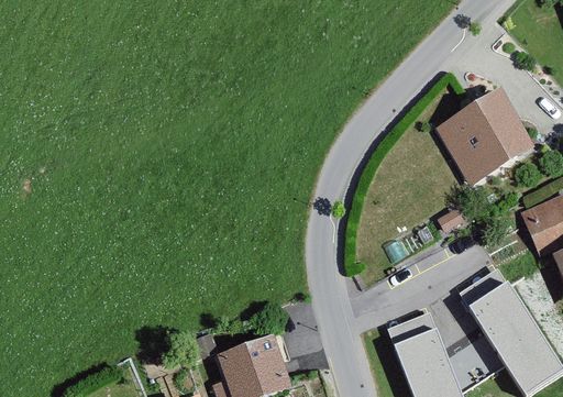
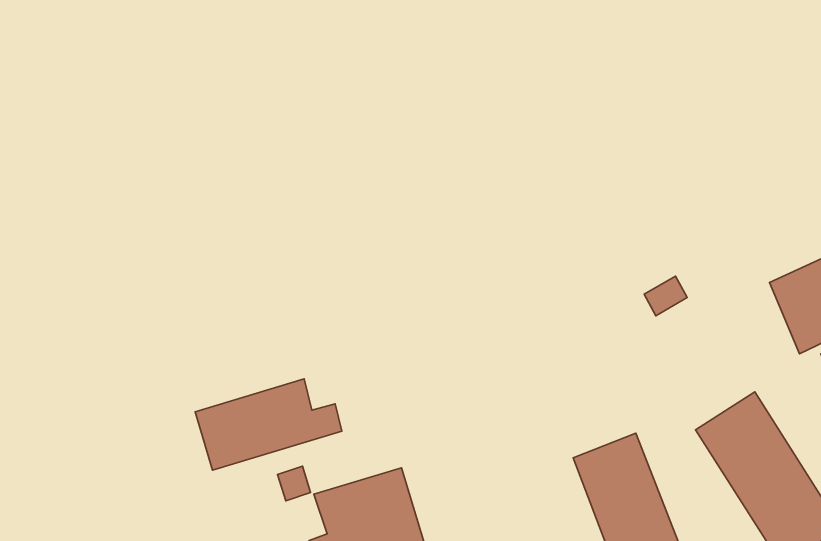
building: [439,92,536,188] -> none
building: none -> [195,379,342,470]

